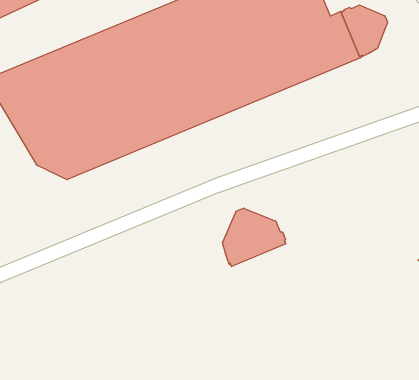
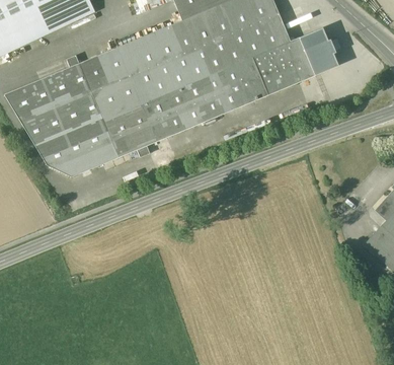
building: [223,208,286,267] -> none

